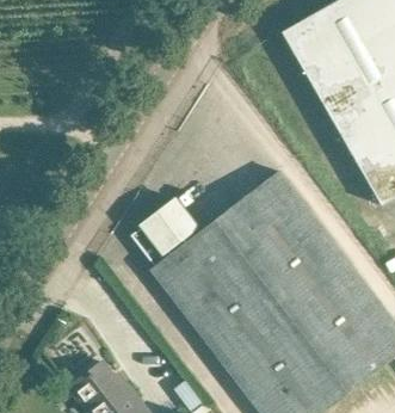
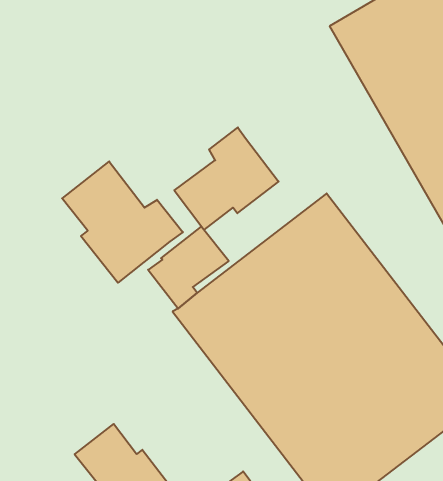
building: none -> [174,127,279,230]
building: none -> [62,161,183,283]

